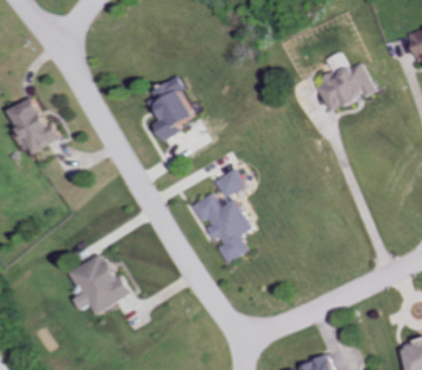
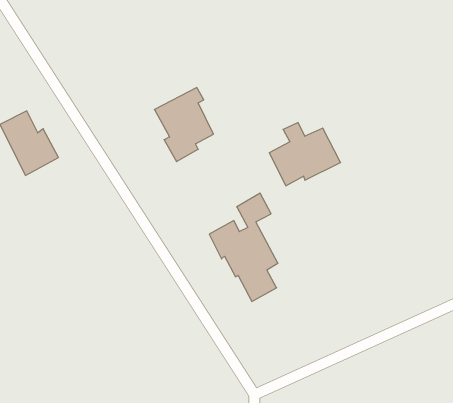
building: [313,56,374,111] -> [269,123,341,186]
building: [69,255,131,312] -> none

